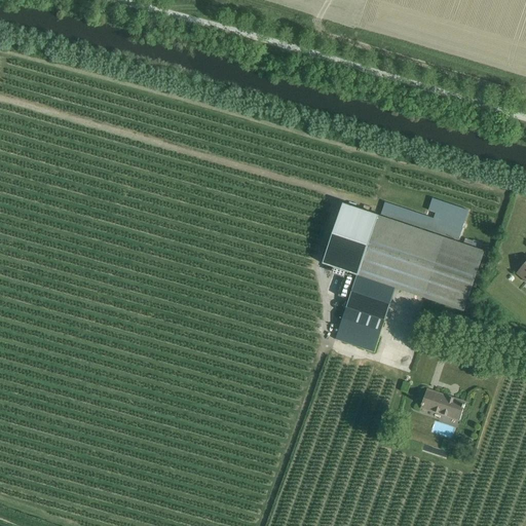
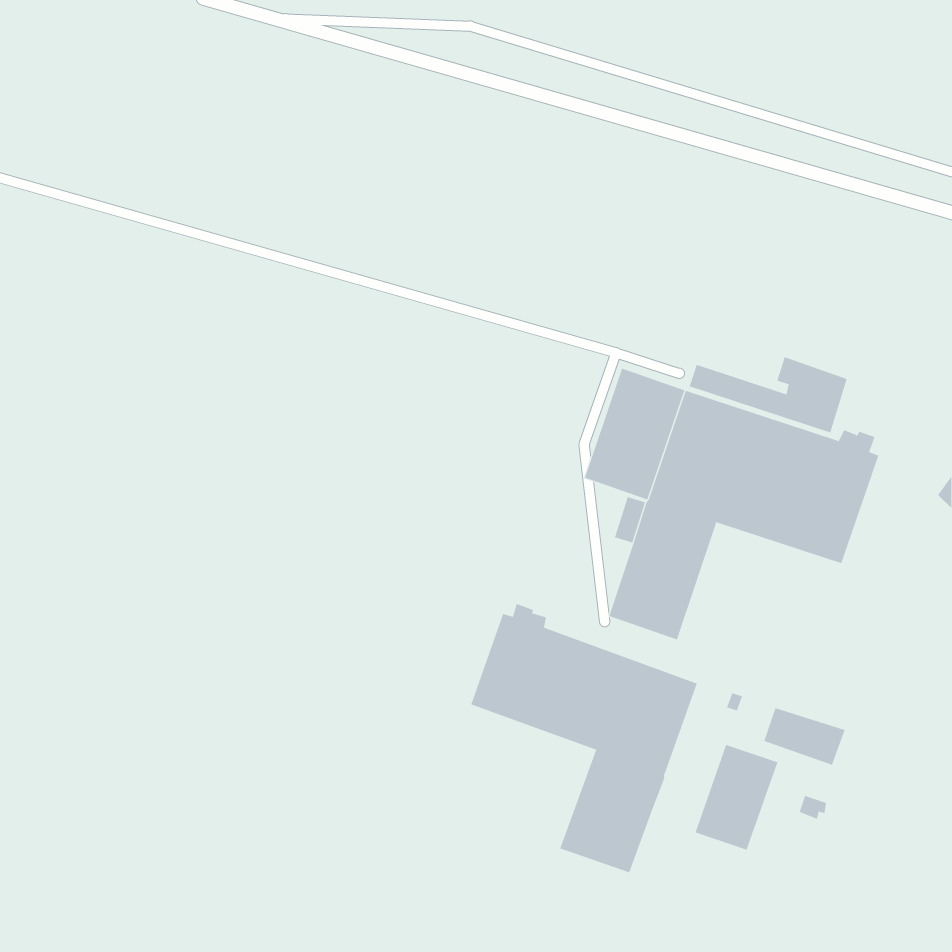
building: none -> [471,603,698,873]
building: none -> [695,744,778,851]

